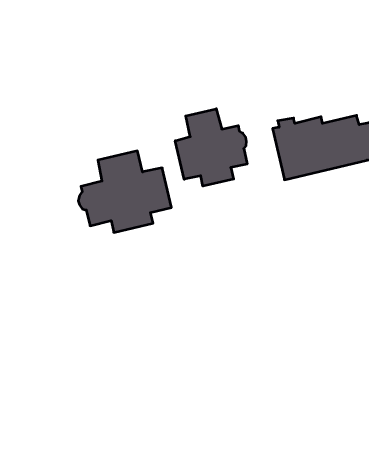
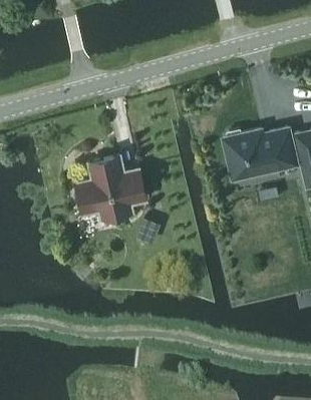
building: [175,109,247,186] -> none

